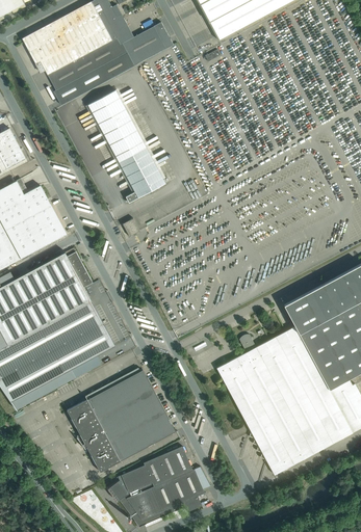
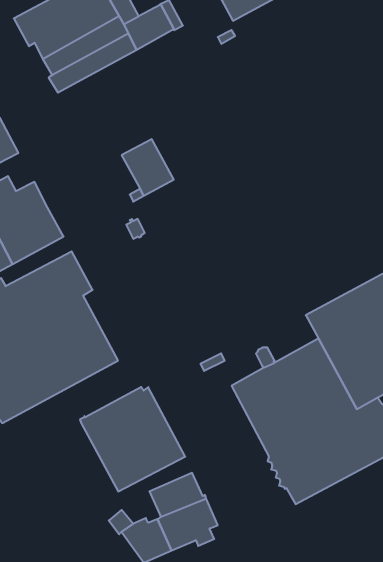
building: [88,90,146,162] -> none
building: [67,402,115,473] -> none
building: [118,466,154,493] -> none

